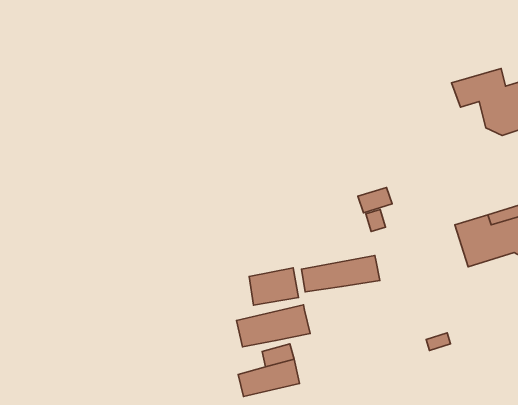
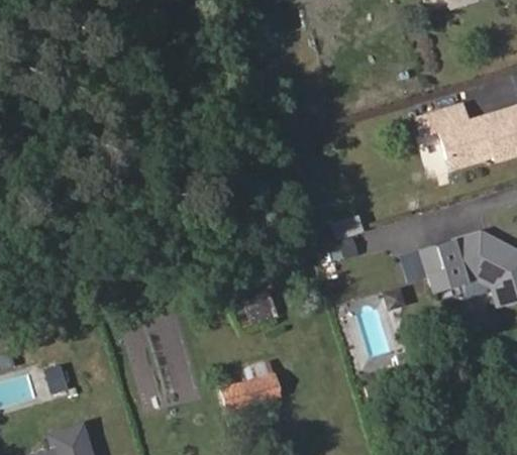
building: [301,256,380,292] -> none
building: [237,305,310,347] -> none

